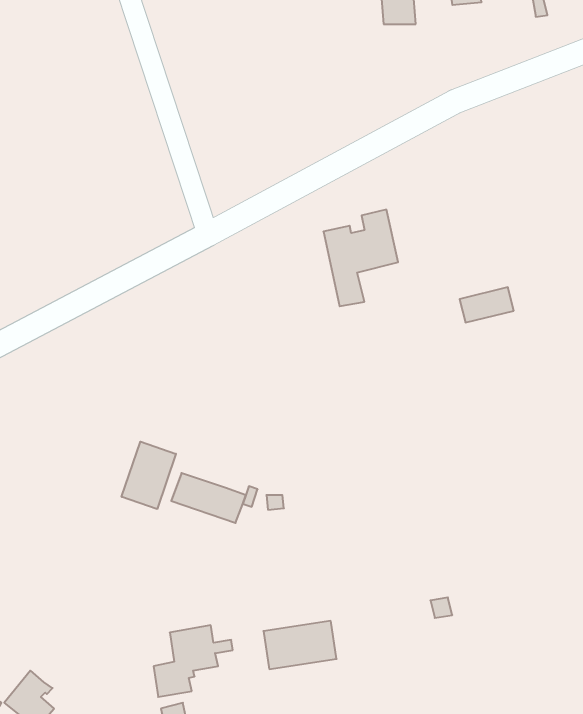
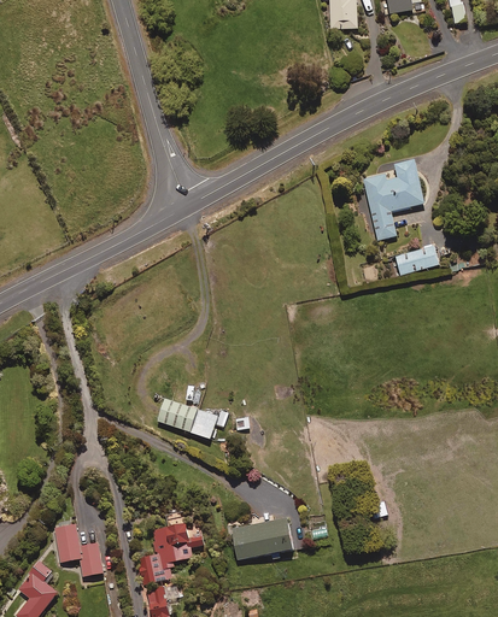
building: [323,210,398,306] -> [362,159,423,239]
building: [122,442,176,509] -> none
building: none -> [55,523,104,575]

